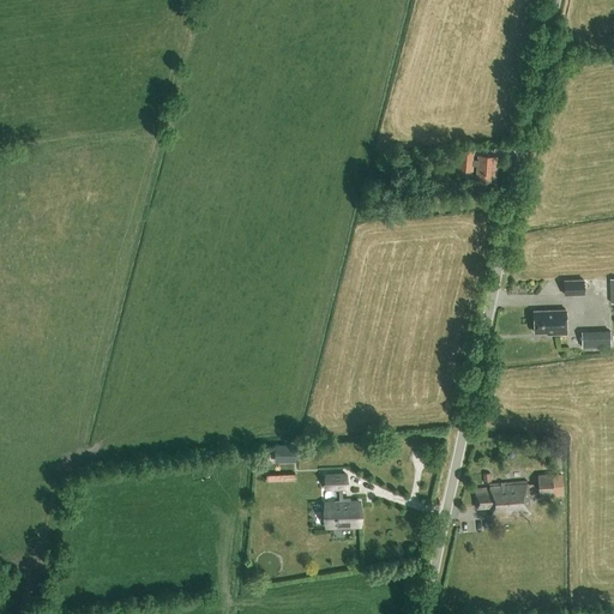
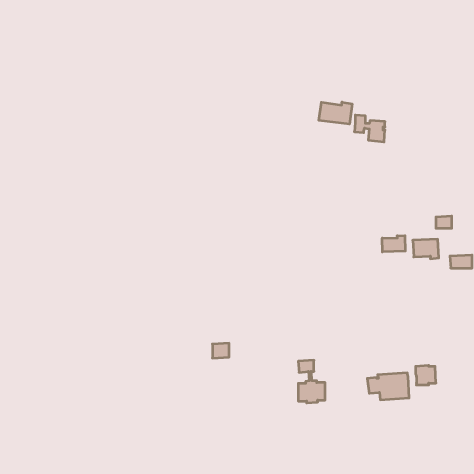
building: none -> [319,102,352,124]
building: none -> [382,236,405,252]
building: [326,474,361,529] -> [298,360,325,403]

